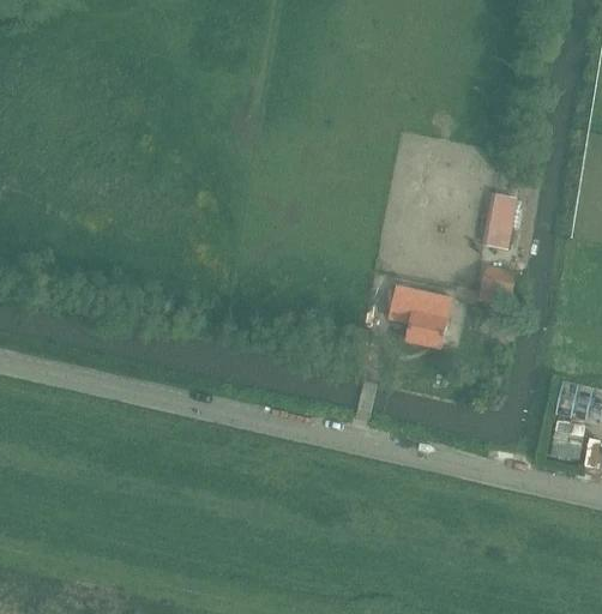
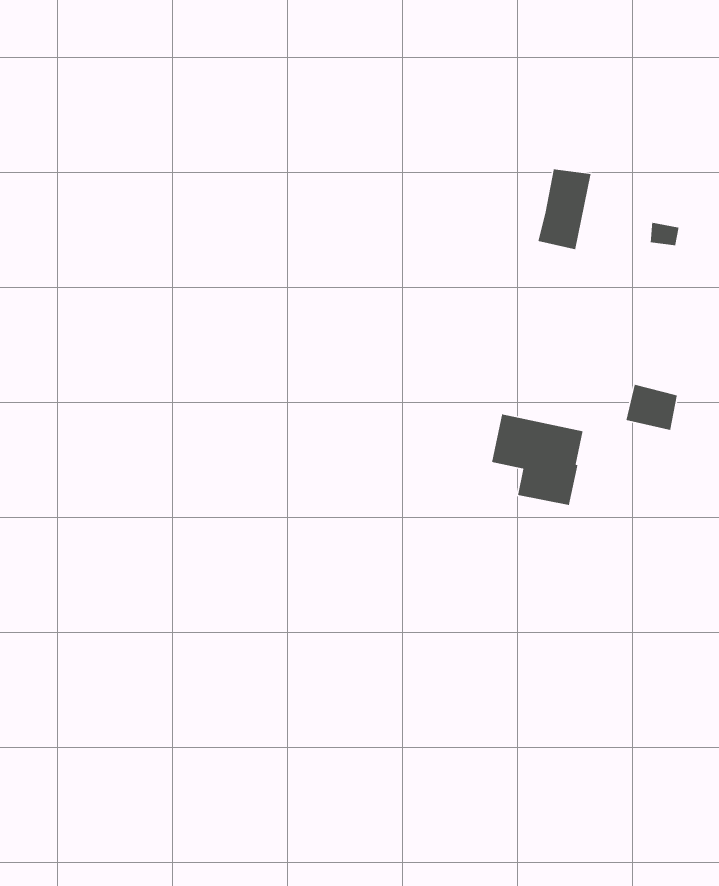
building: [481,194,518,251] -> [537,168,592,250]

